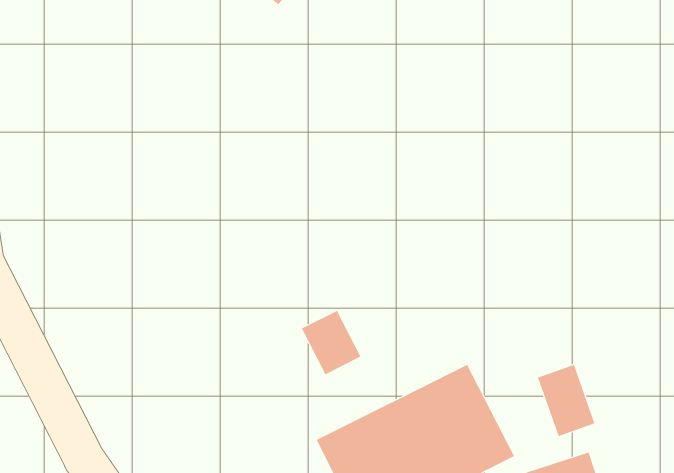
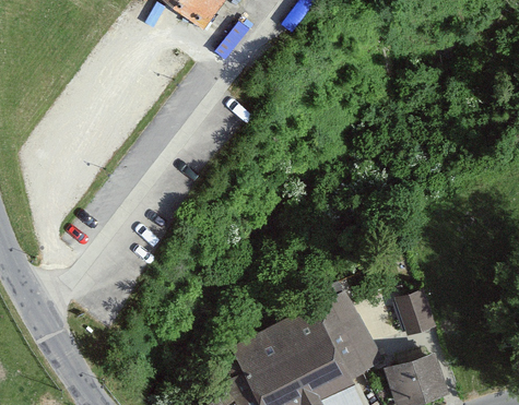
building: [301,310,361,375] -> none

